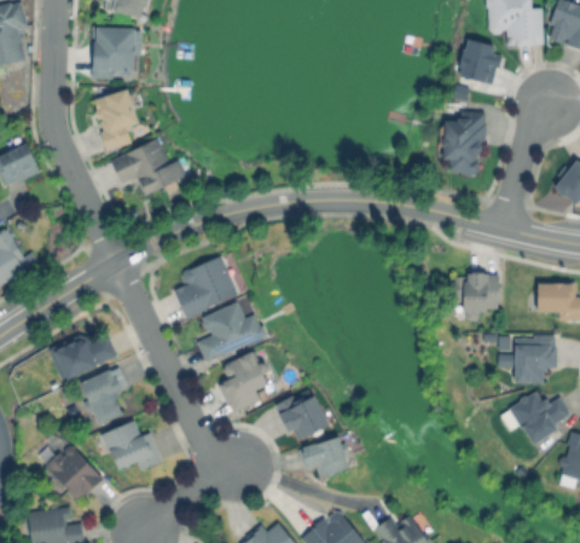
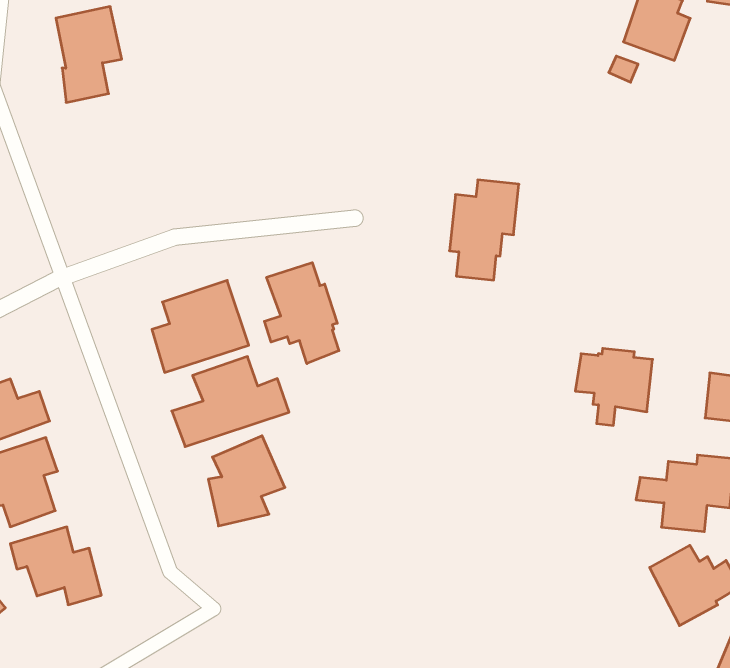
building: [443,111,483,174] -> [449,180,519,280]
building: [110,138,187,198] -> none
building: none -> [264,263,339,364]
building: [273,395,332,443] -> none
building: [302,437,350,480] -> none

